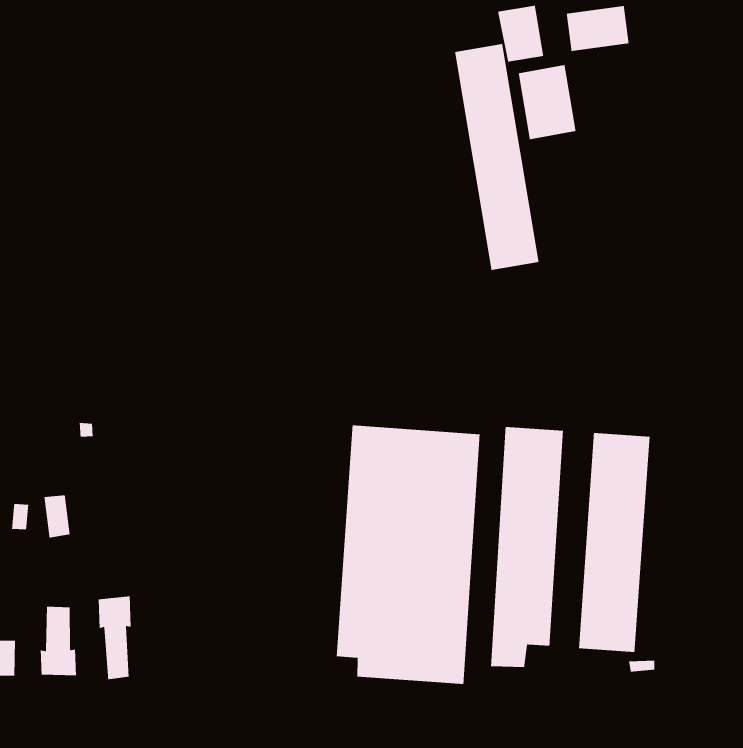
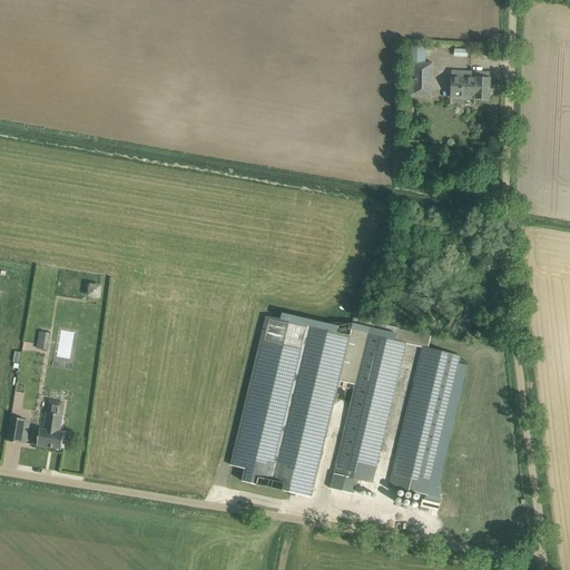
building: [454,43,540,271] -> none
building: [518,64,576,140] -> none
building: [98,595,131,680] -> none

